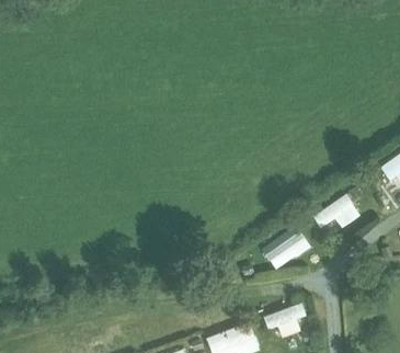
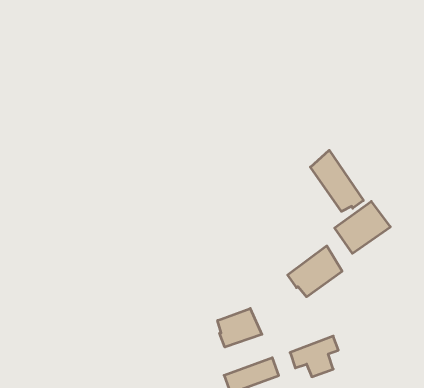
building: none -> [310,150,363,211]
building: none -> [218,308,262,347]

